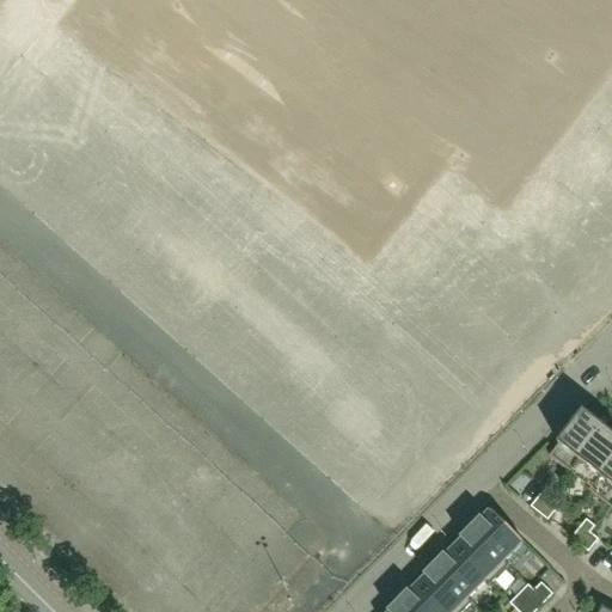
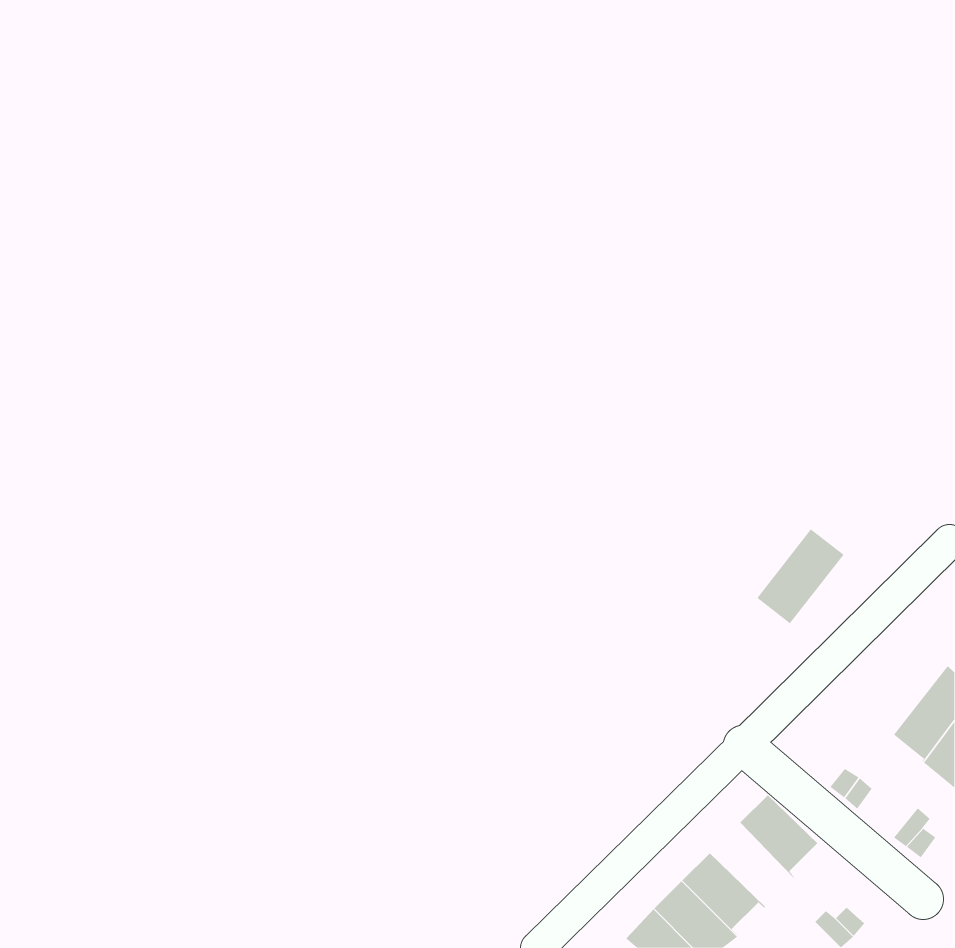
building: [549,408,605,469] -> [756,529,844,624]
building: [453,525,507,579] -> none

